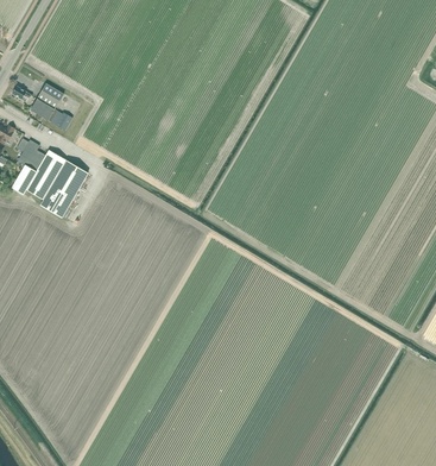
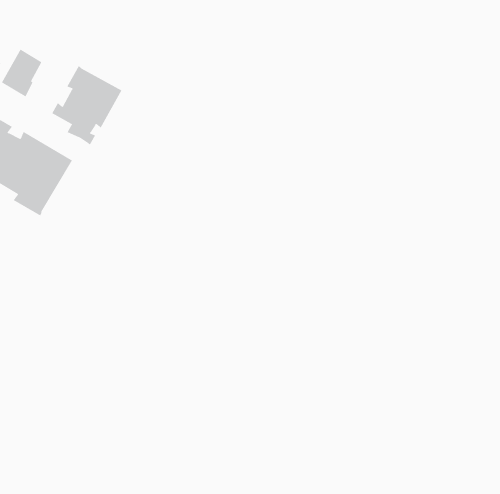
building: none -> [52,65,122,145]

